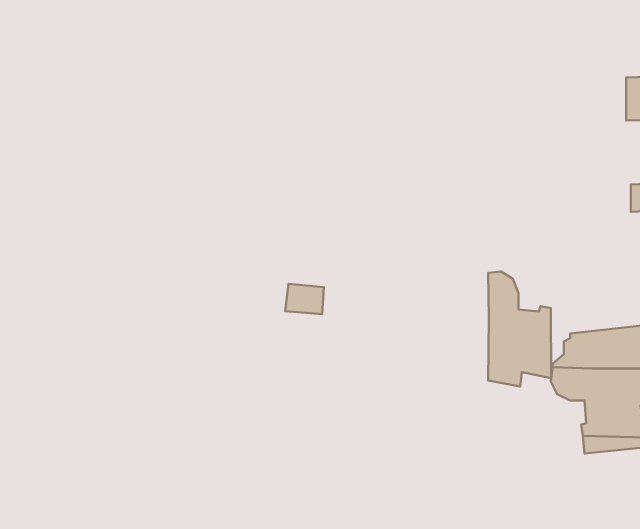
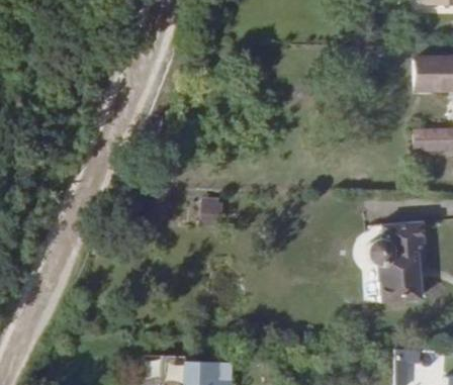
building: [488,271,551,386] -> none

